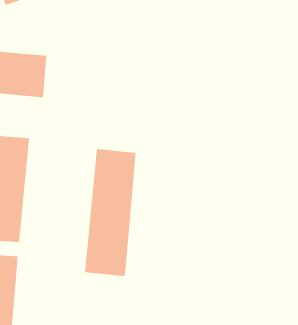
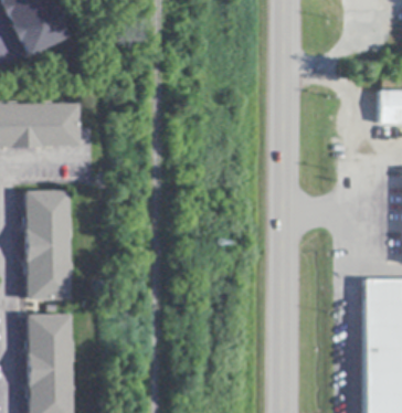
building: [85,148,136,277] -> none

